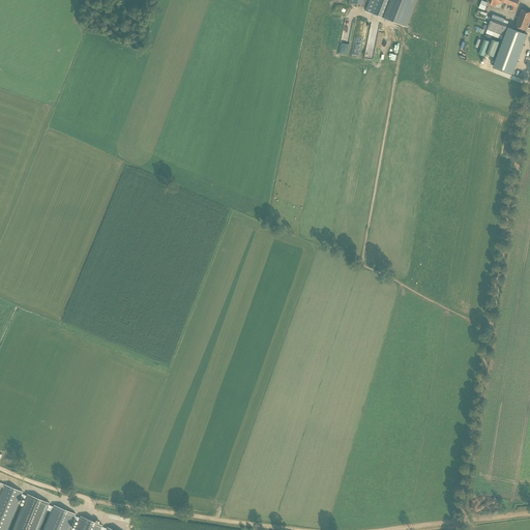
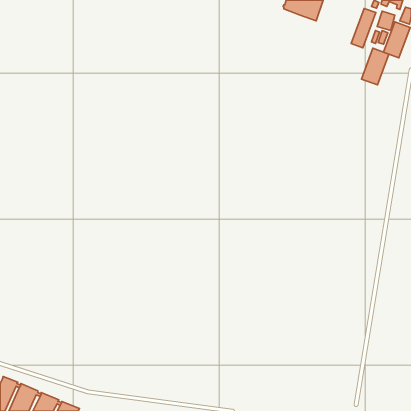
building: none -> [351,8,376,48]
building: none -> [361,48,389,85]

